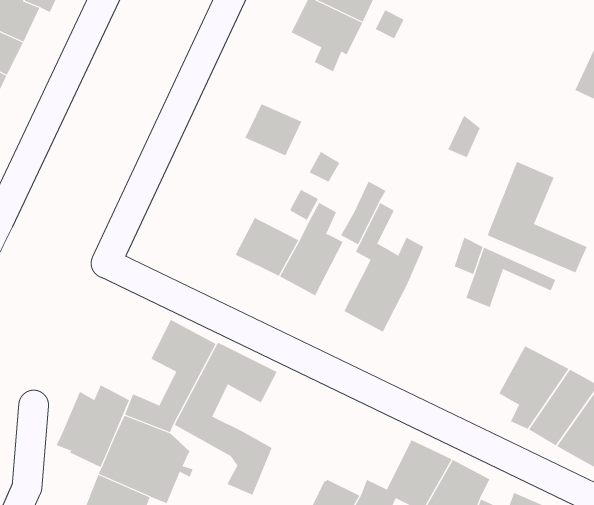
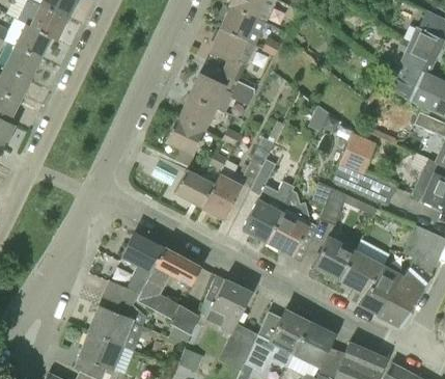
building: none -> [191,72,256,113]
building: none -> [167,118,214,167]
building: none -> [268,212,309,255]
building: none -> [312,236,357,280]
building: [56,384,130,468] -> none
building: none -> [198,276,252,335]

